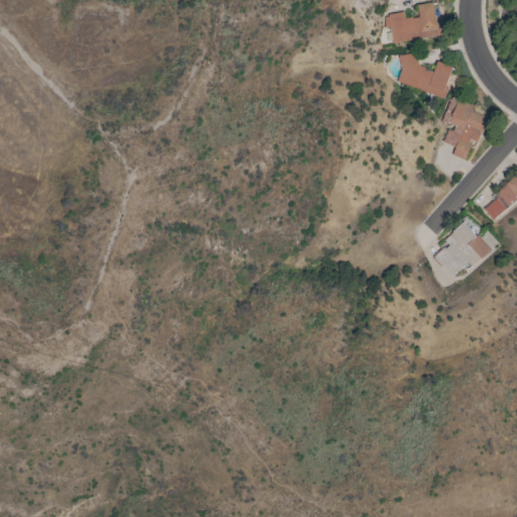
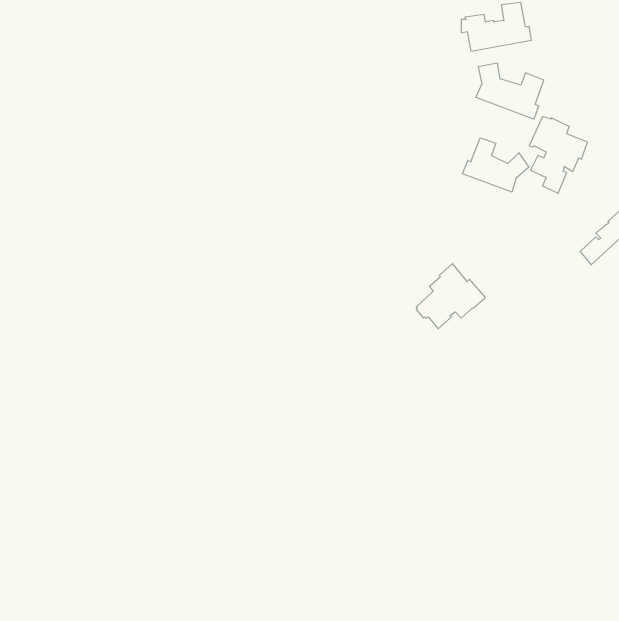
building: none -> [463,138,529,192]
building: [434,221,492,276] -> [416,263,485,329]

